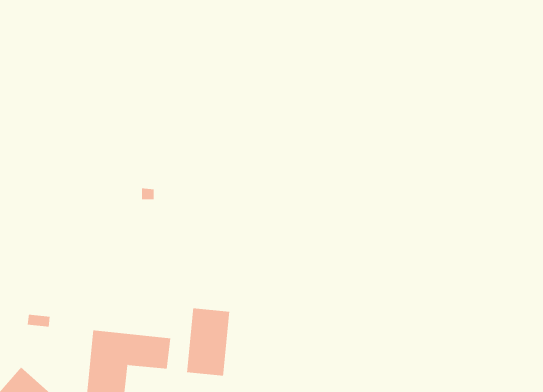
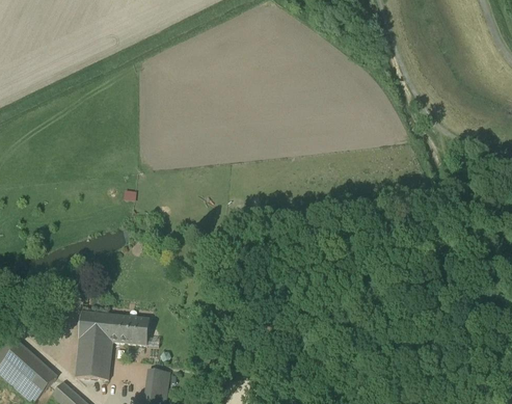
building: [186,307,230,376] -> none

